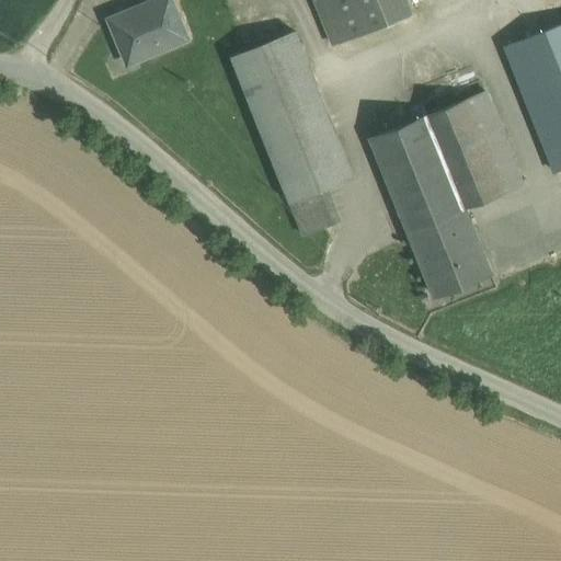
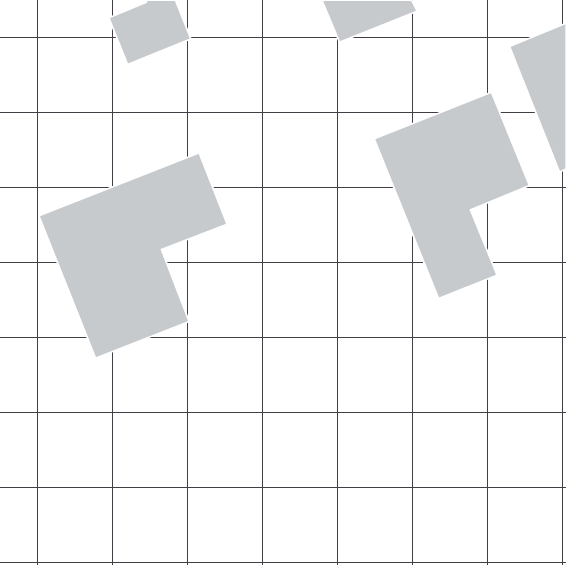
building: [231,33,351,236] -> none
building: none -> [39,153,227,358]

